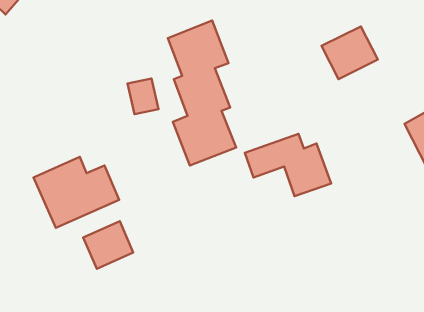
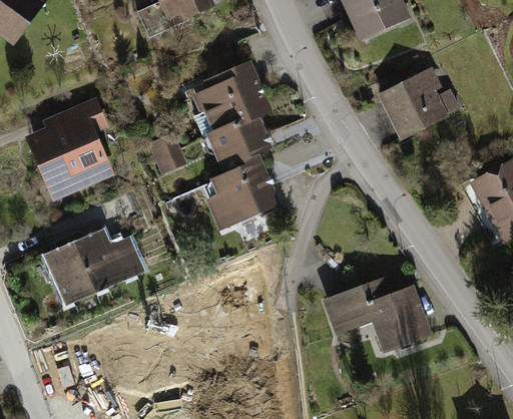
building: none -> [27,93,116,201]
building: [245,134,331,196] -> [323,272,424,345]
building: [83,221,133,269] -> none

